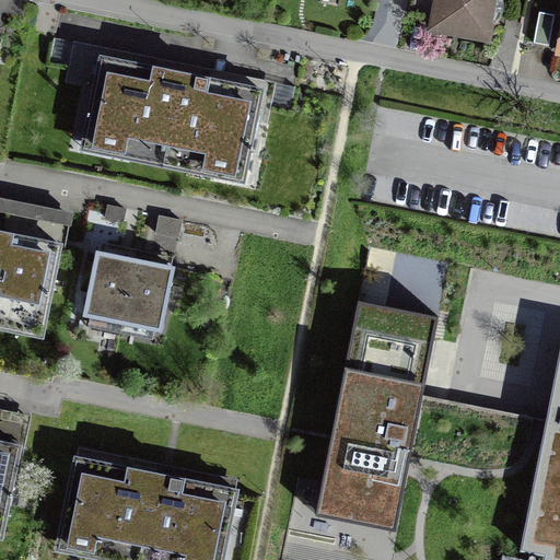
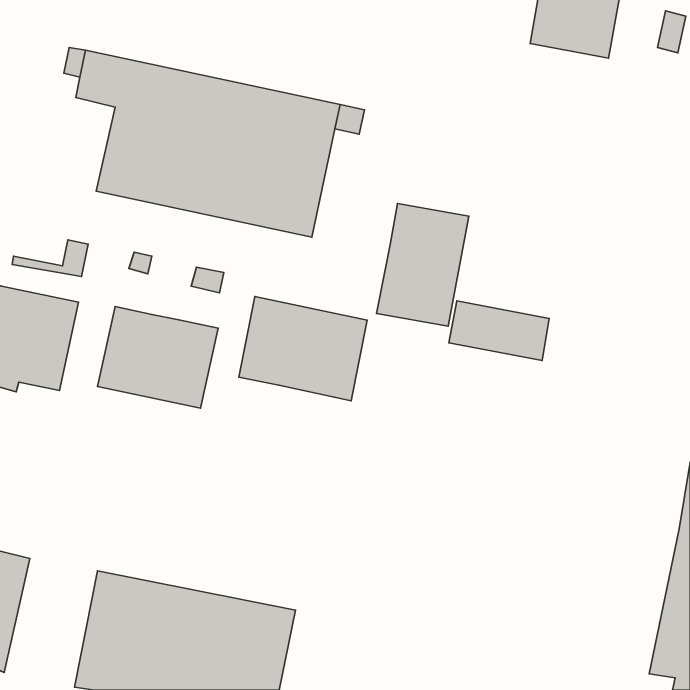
building: none -> [377,204,469,326]
building: none -> [239,297,367,401]
building: [313,298,436,528] -> none

